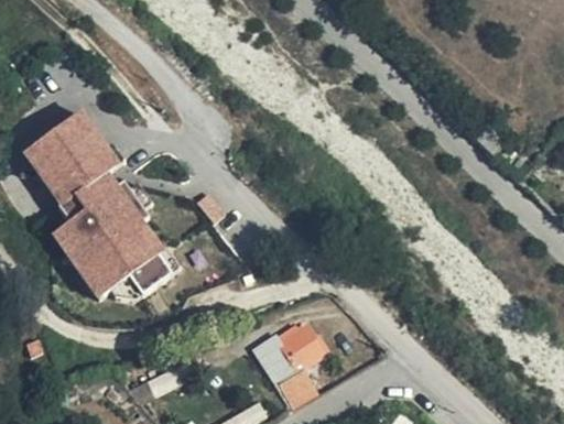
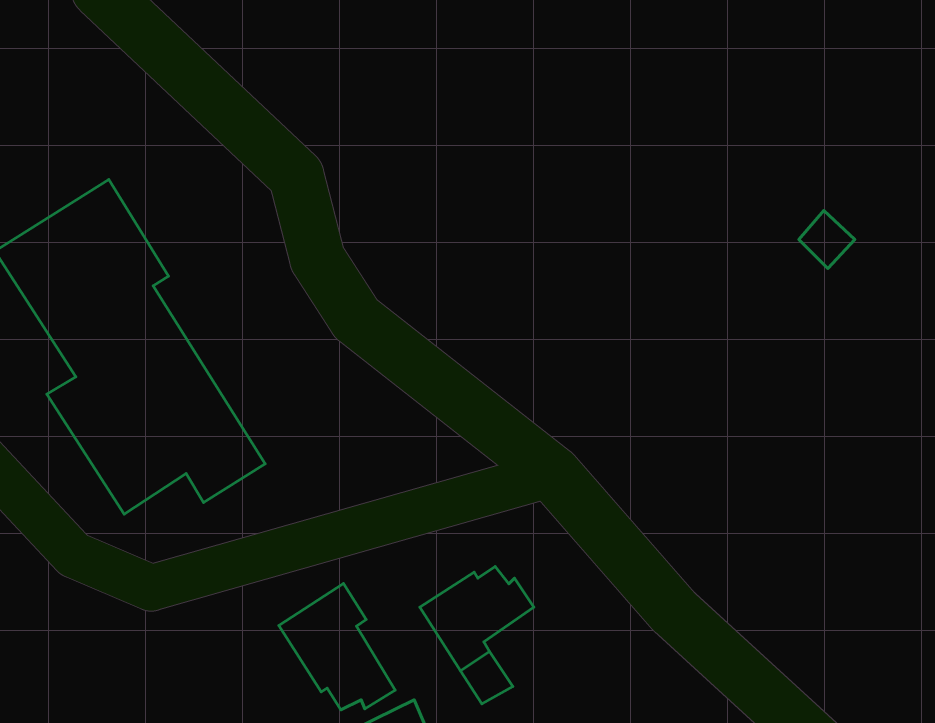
building: none -> [279,583,395,710]

